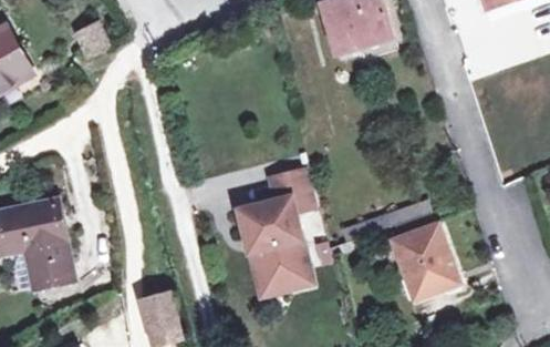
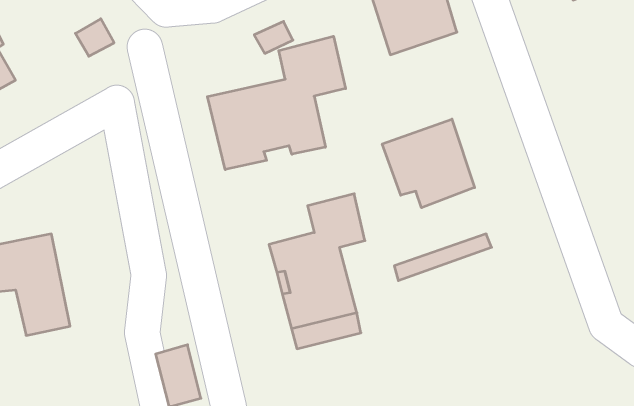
building: none -> [207,36,346,170]
building: none -> [382,119,475,208]
building: [392,224,459,299] -> none

